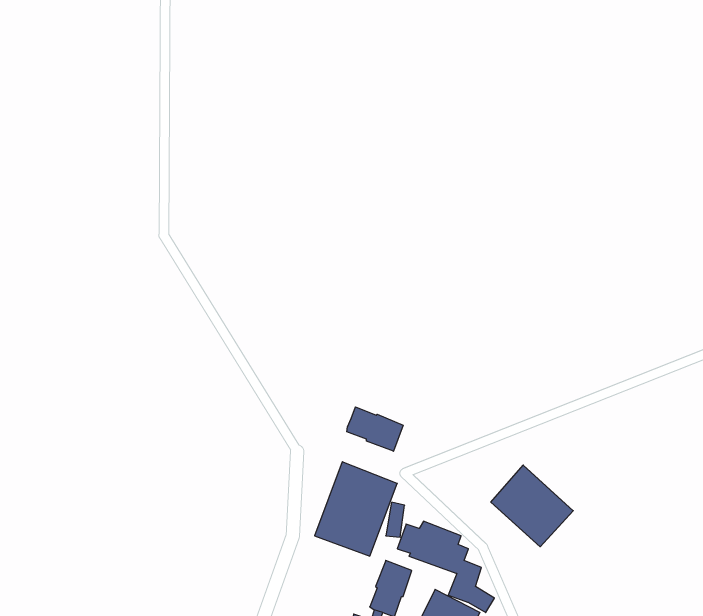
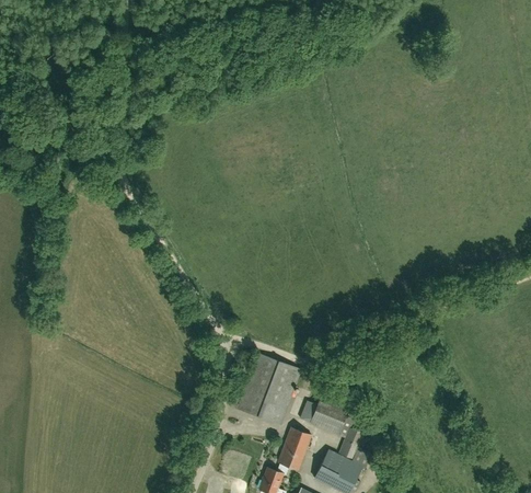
building: [347,407,403,451] -> none
building: [491,465,573,547] -> none

